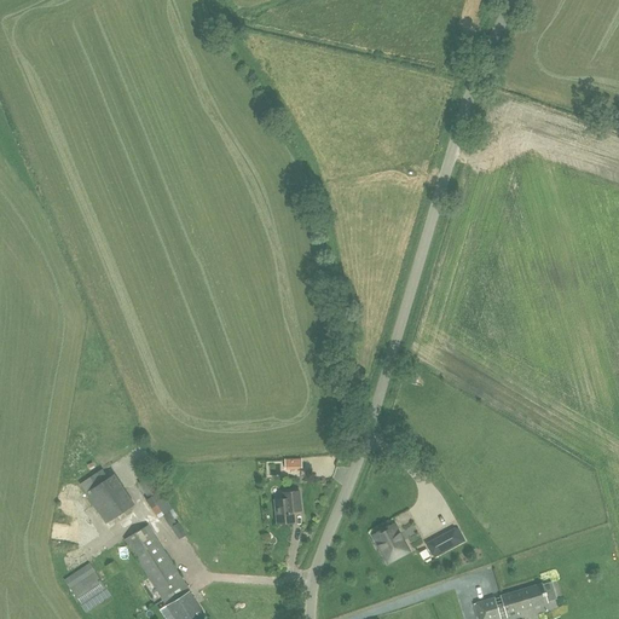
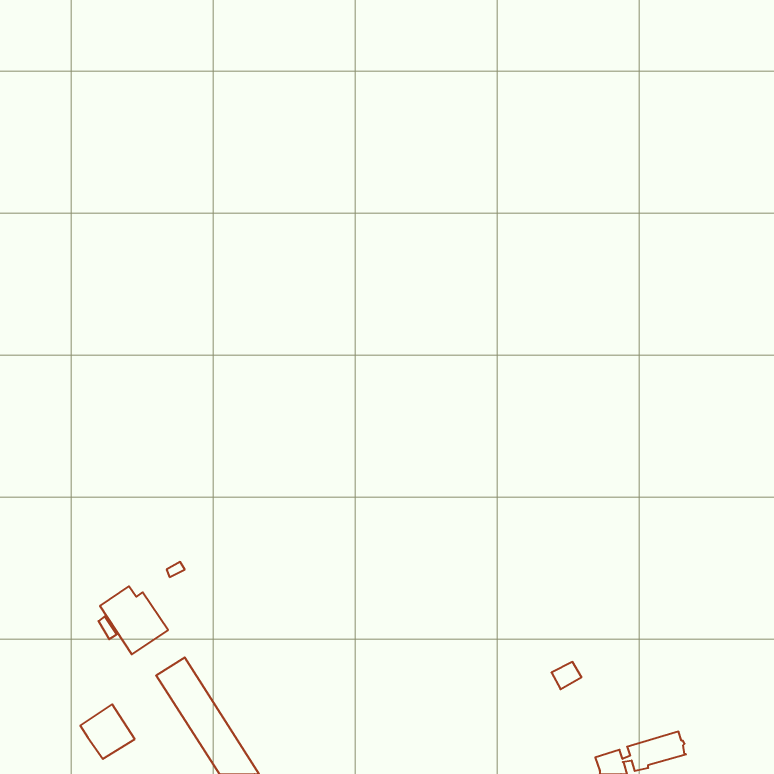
building: [274,491,301,523] -> none
building: [372,523,409,562] -> none

